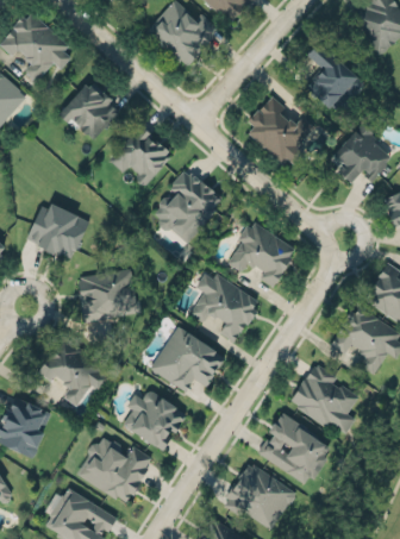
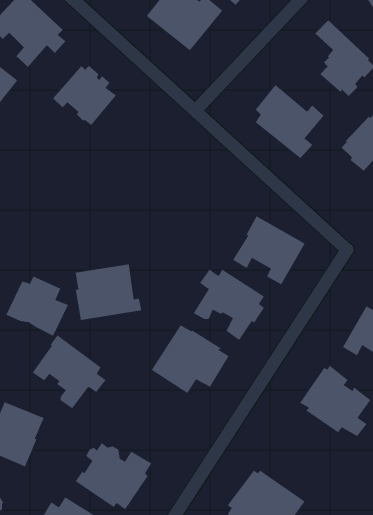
building: [107,126,171,187] -> none
building: [154,169,221,242] -> none
building: [25,200,85,257] -> [5,276,69,336]
building: [121,391,186,451] -> none
building: [256,416,331,485] -> none

